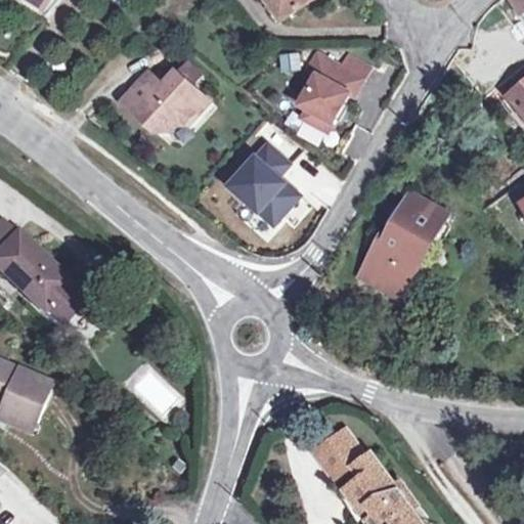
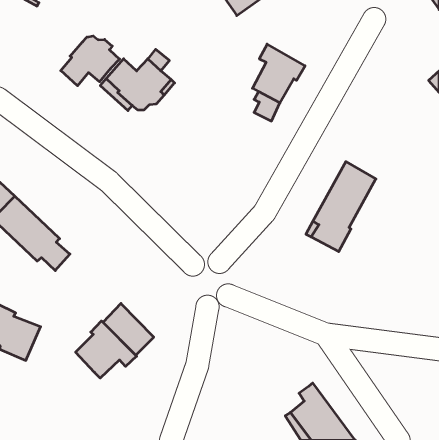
building: none -> [61,36,120,86]
building: [227,138,297,219] -> none
building: none -> [76,321,137,378]
building: [314,430,365,480] -> none

